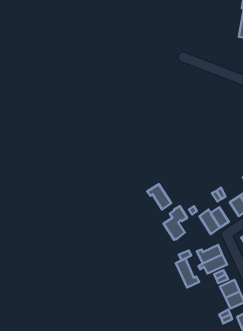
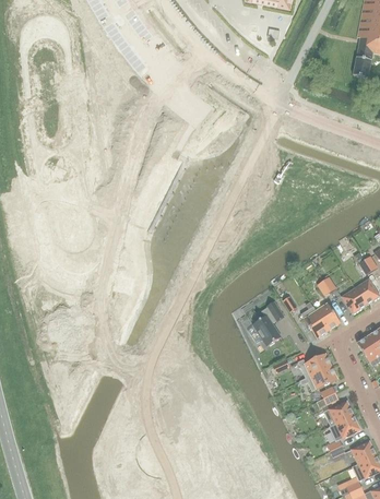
building: [147,184,171,209] -> none
building: [176,258,199,287] -> none

